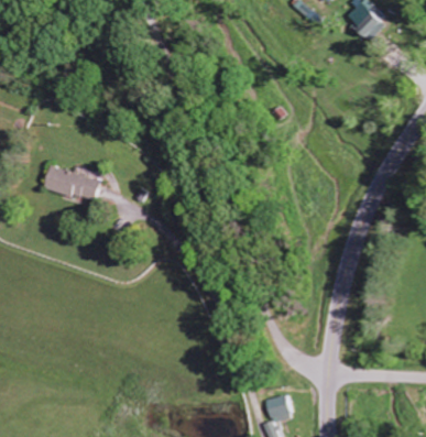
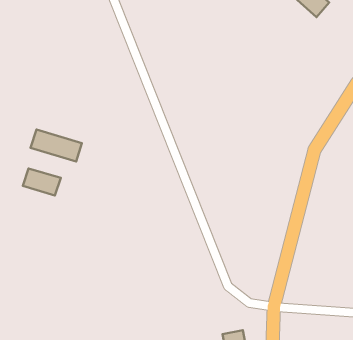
building: none -> [23,168,61,196]

